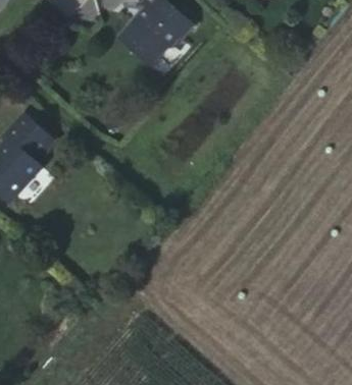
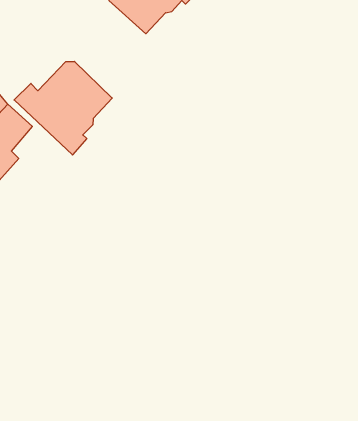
building: none -> [14,61,112,155]

